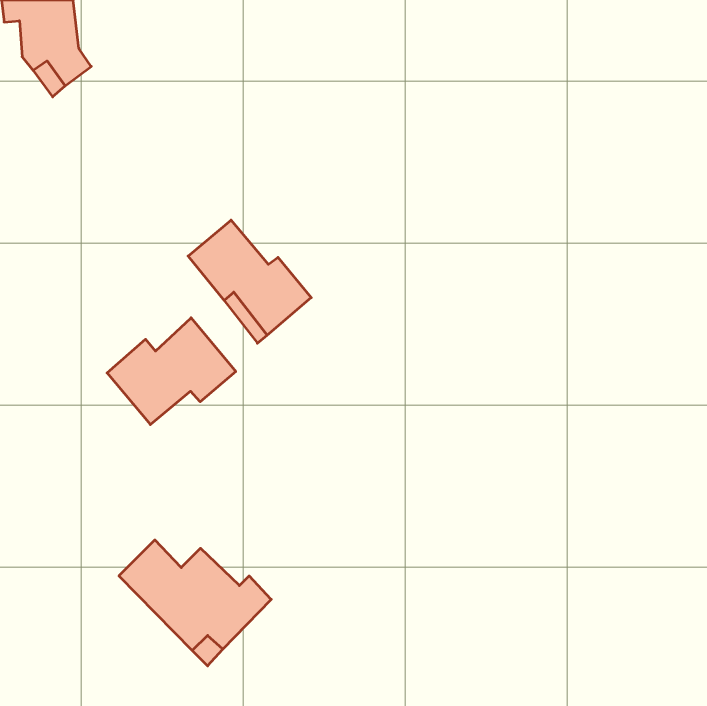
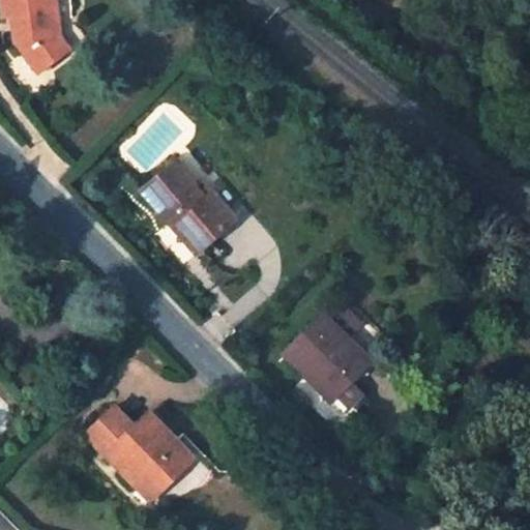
building: [107,318,236,425] -> none
building: none -> [285,314,371,400]

